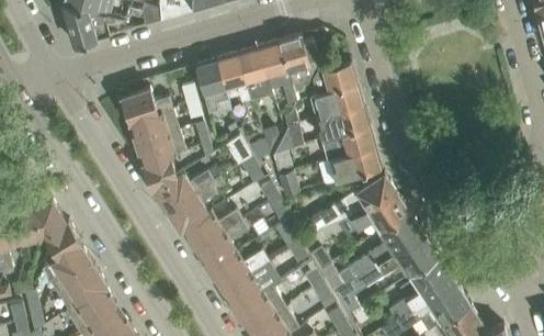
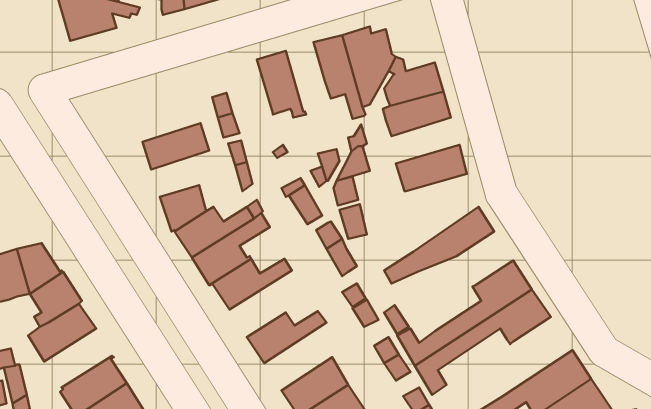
building: [238,47,273,102] -> none
building: [195,60,228,113] -> none
building: [121,89,173,123] -> none
building: [318,104,370,139] -> none
building: [136,130,188,165] -> none
building: [318,147,382,186] -> none
building: [338,191,410,239] -> none
building: [195,221,249,271] -> none
building: [390,256,455,317] -> none
building: [222,260,276,312] -> none
building: [55,265,106,310] -> none

